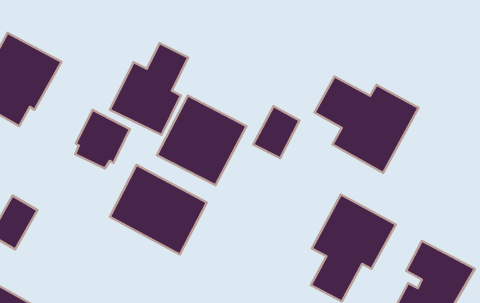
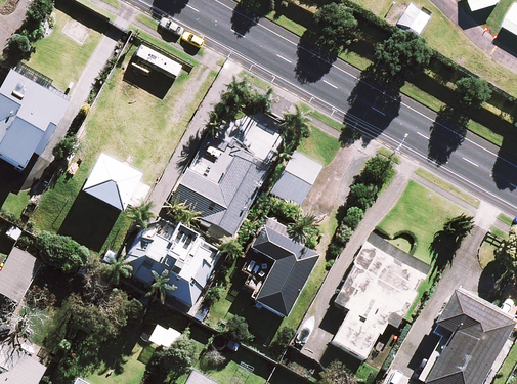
building: [110,43,188,135] -> none
building: [315,76,419,173] -> none
building: none -> [240,216,319,315]

